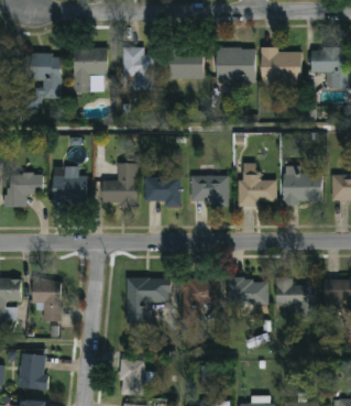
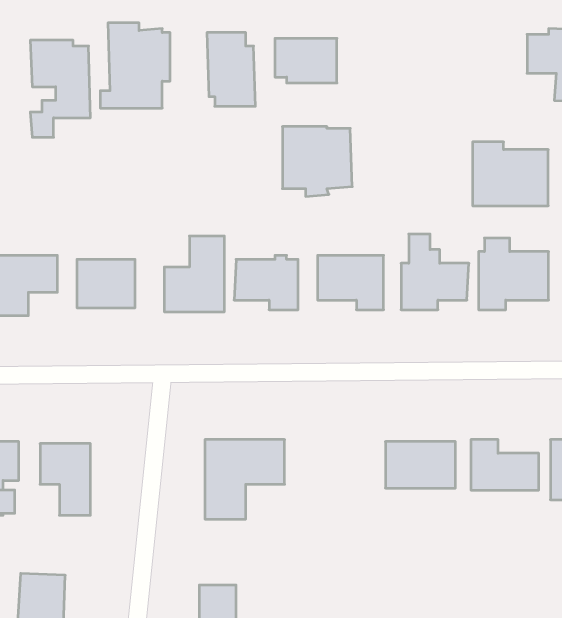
building: [260,46,303,83] -> [473,142,548,206]
building: [216,47,255,87] -> [282,127,352,196]
building: [182,279,219,323] -> none

